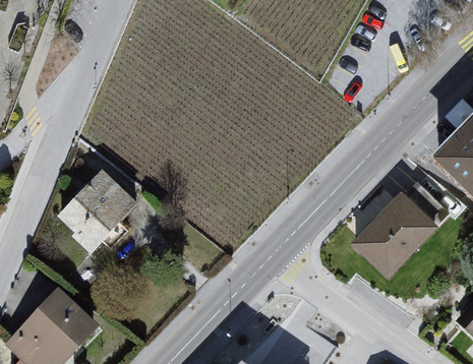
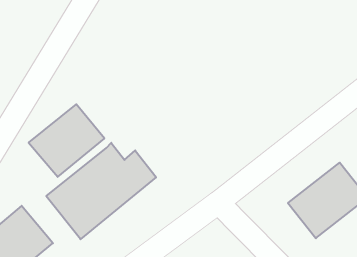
building: none -> [46,143,156,239]

